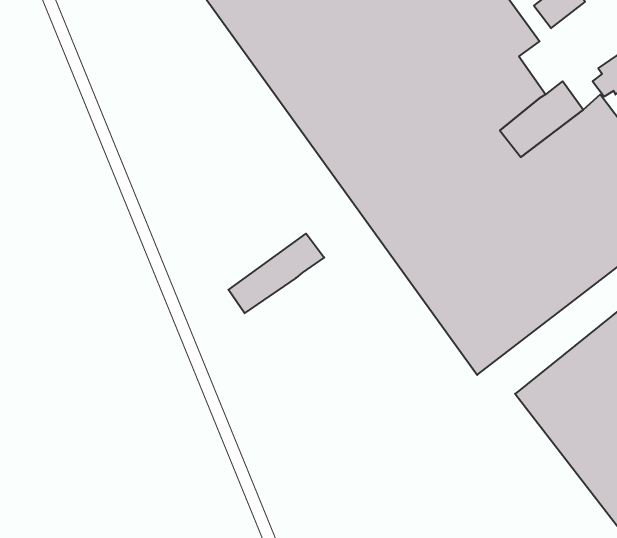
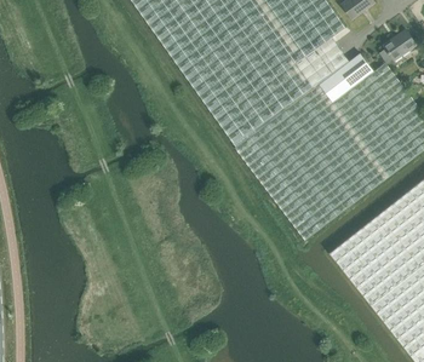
building: [228,234,324,313] -> none

